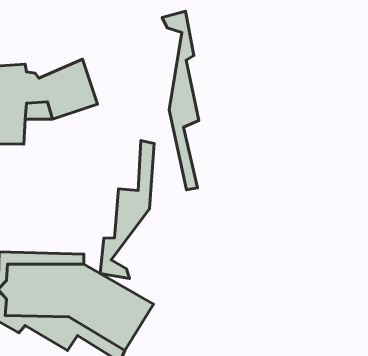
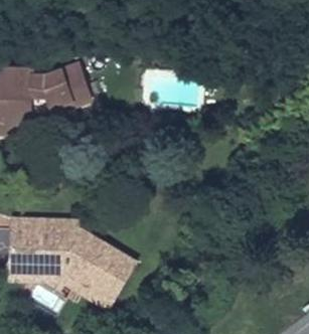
building: [162,11,199,190] -> none
building: [100,141,154,278] -> none

